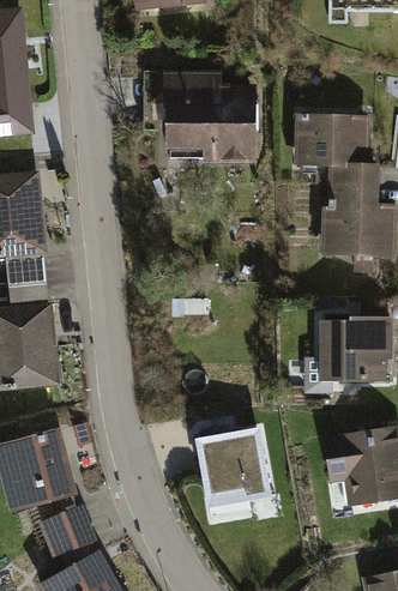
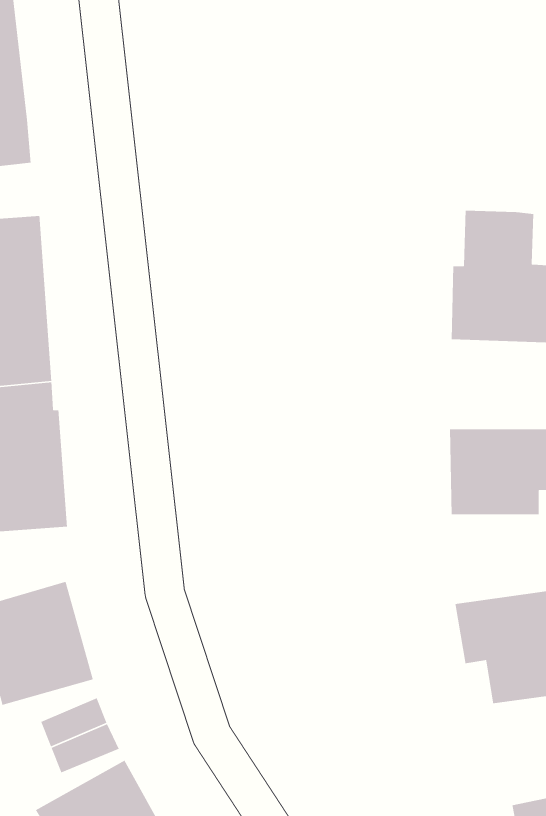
building: [165,71,257,167] -> none
building: [291,113,369,167] -> none
building: [195,422,271,523] -> none

